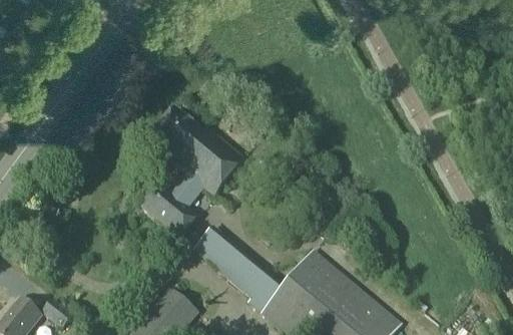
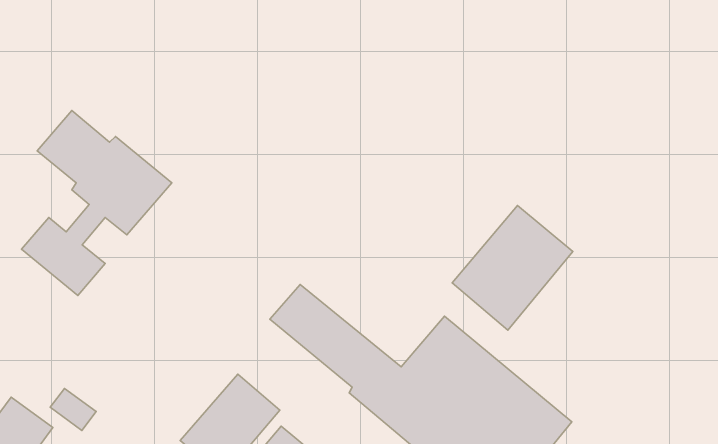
building: [139,106,243,235] -> [21,110,172,295]
building: none -> [452,206,573,330]

